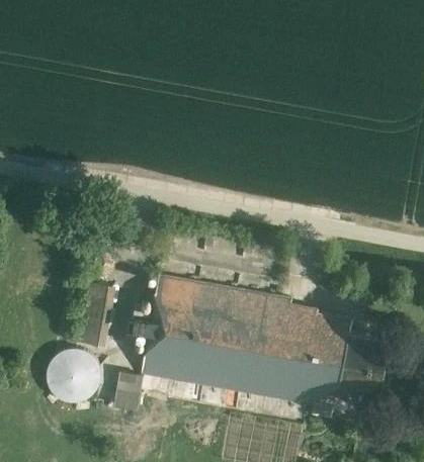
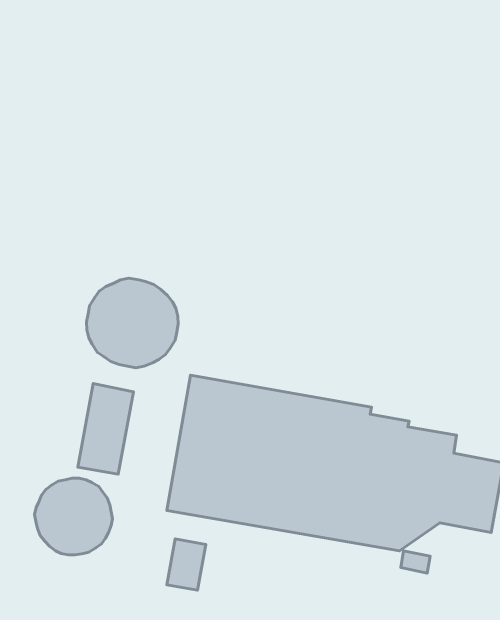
building: none -> [87,278,178,368]
building: [113,372,142,409] -> [167,539,206,590]

